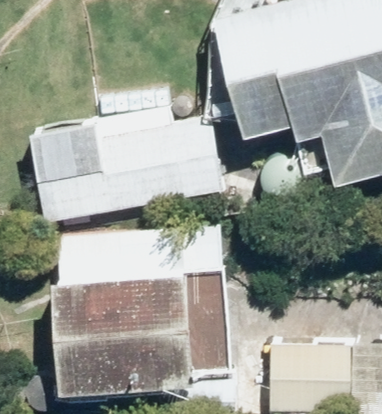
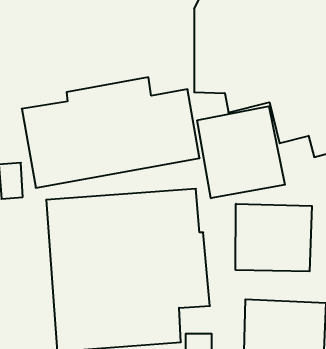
building: none -> [197,106,285,198]
building: none -> [236,204,312,271]

